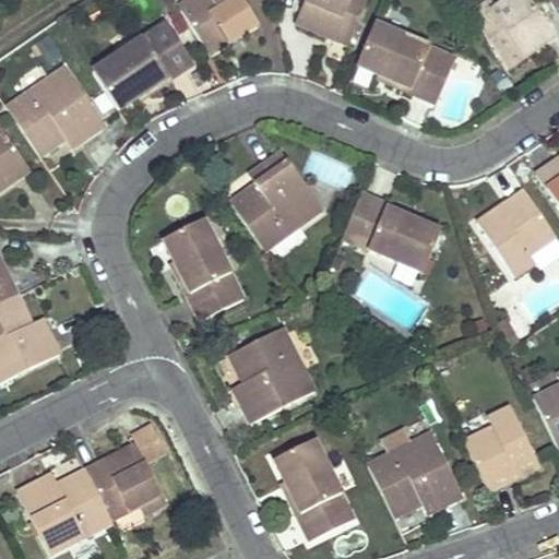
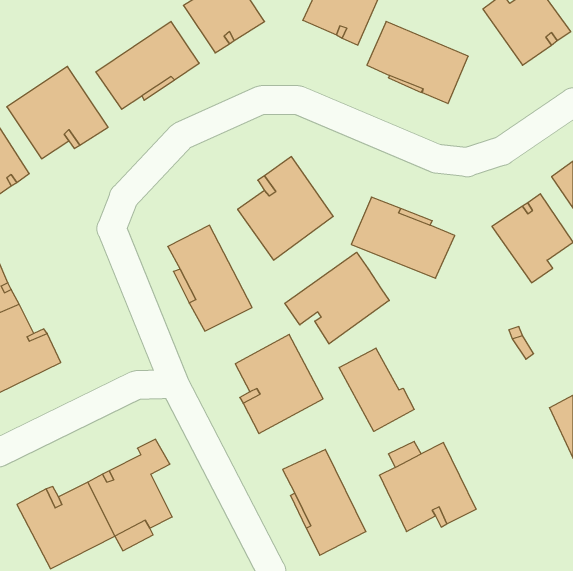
building: none -> [285,252,389,344]
building: none -> [339,348,414,431]
building: [463,405,538,489] -> none

